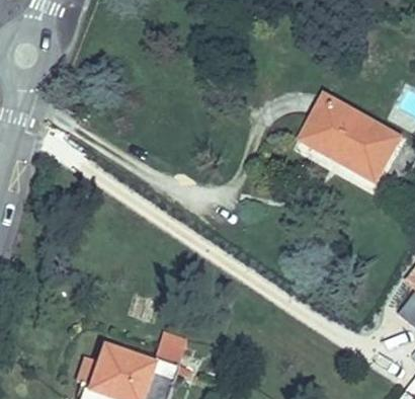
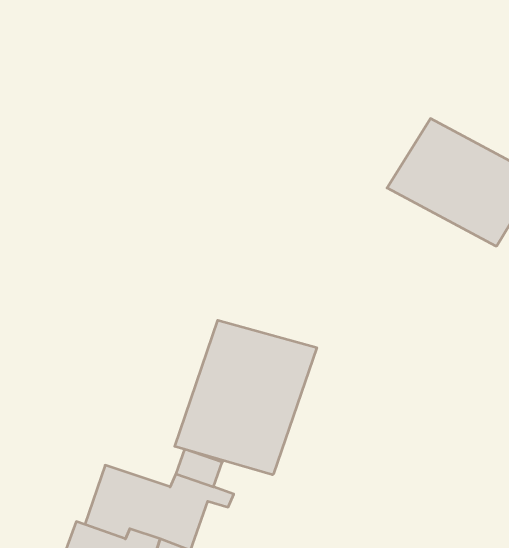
building: none -> [175,320,317,475]

